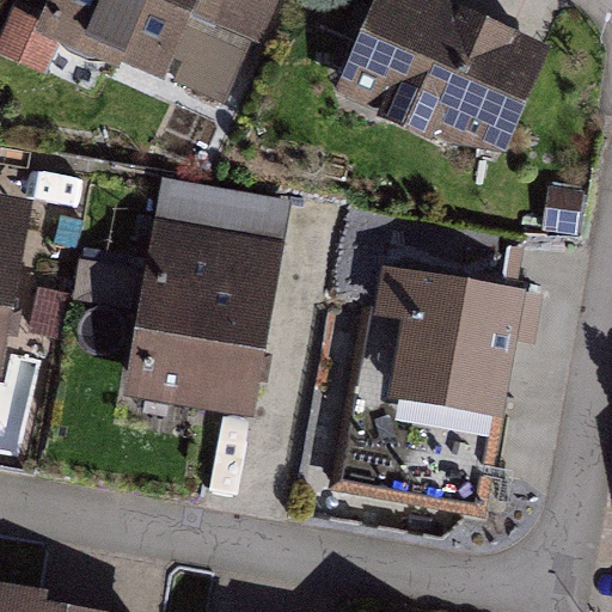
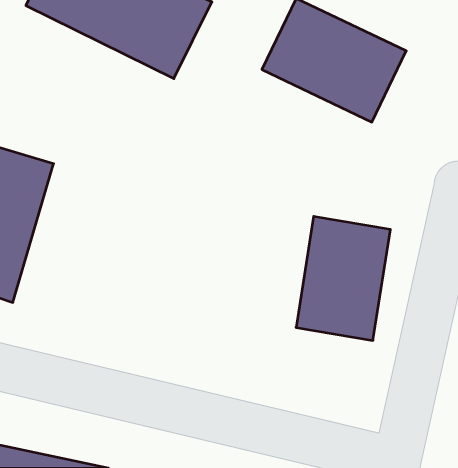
building: [133,207,290,408] -> none

